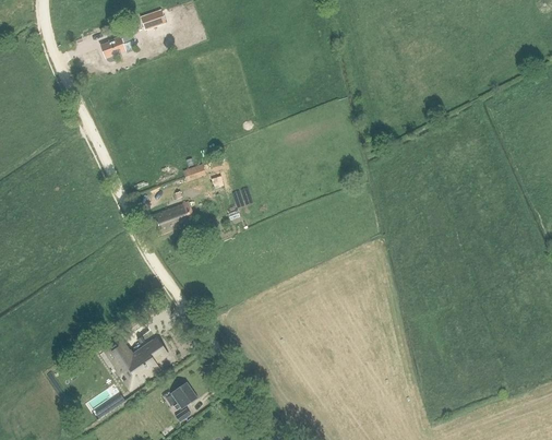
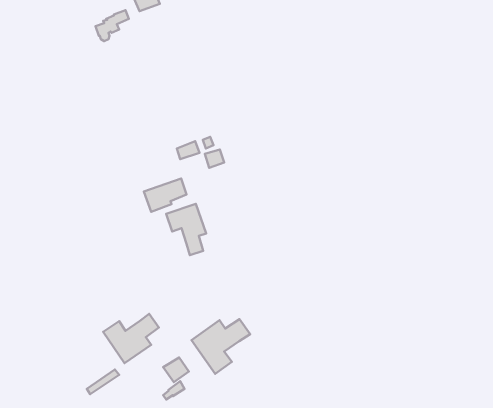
building: none -> [166,204,206,255]
building: none -> [191,319,250,374]

